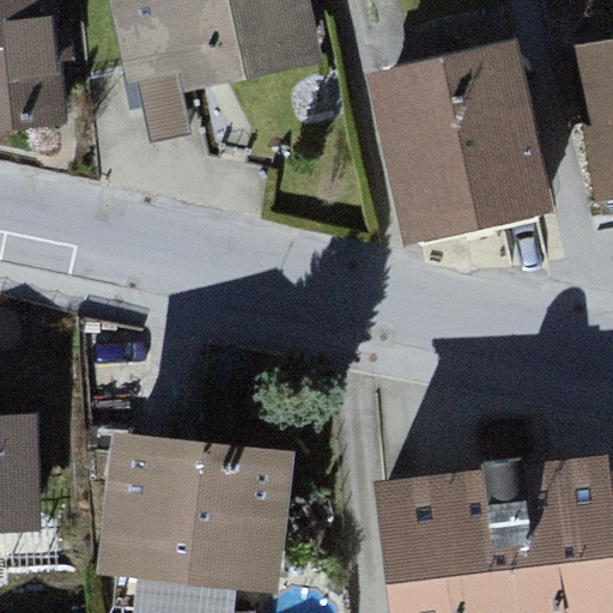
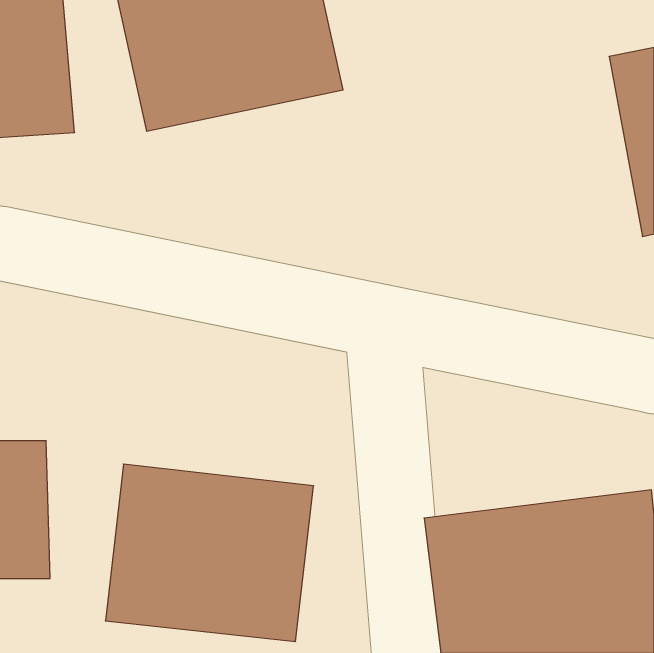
building: [370,40,541,239] -> none

